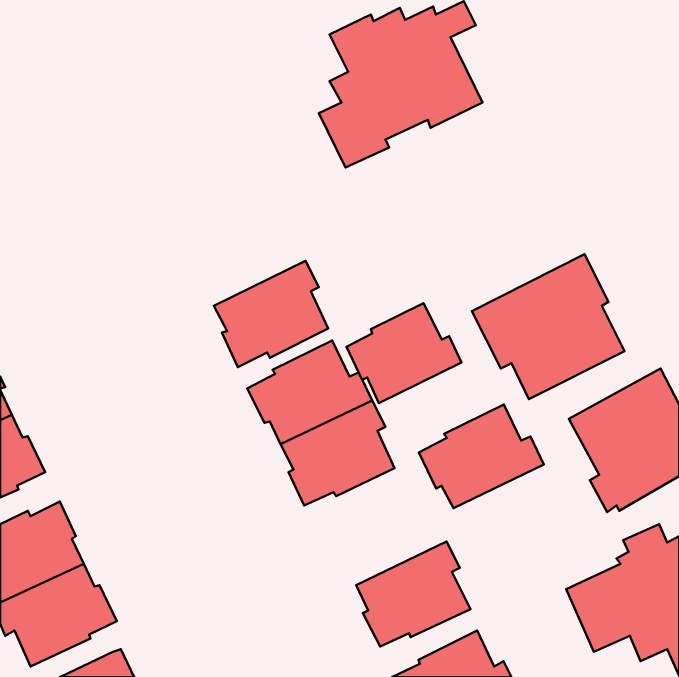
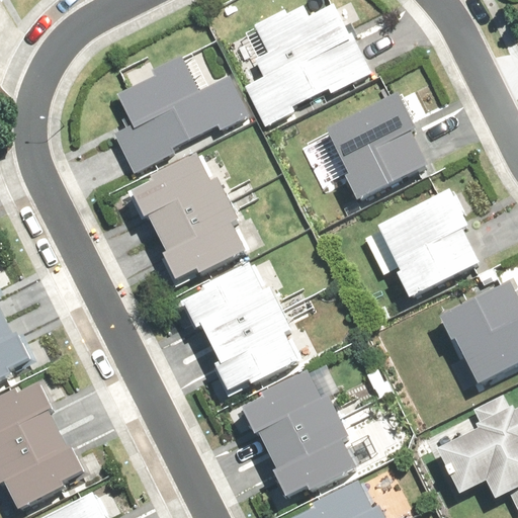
building: none -> [108,48,248,177]
building: none -> [320,96,422,204]
building: none -> [138,154,233,233]
building: [346,303,462,403] -> none
building: [419,405,544,508] -> [245,366,340,445]

